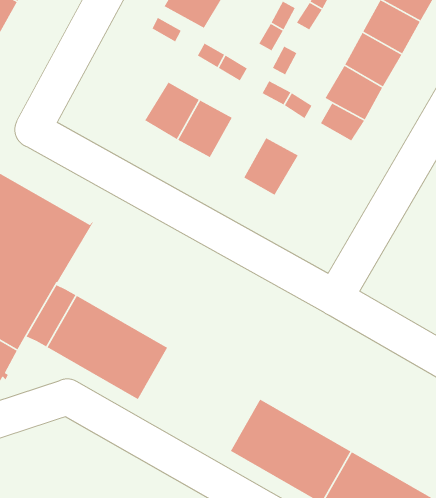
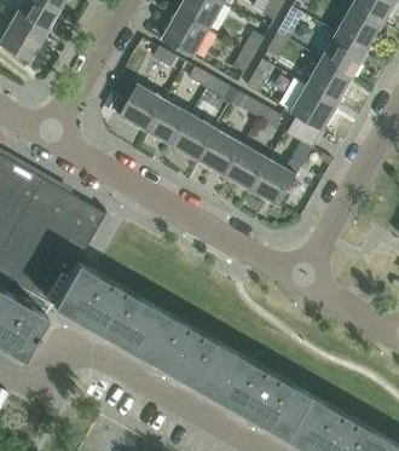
building: none -> [118,83,164,131]
building: none -> [198,128,243,177]
building: none -> [250,158,296,207]
building: none -> [140,313,238,397]

